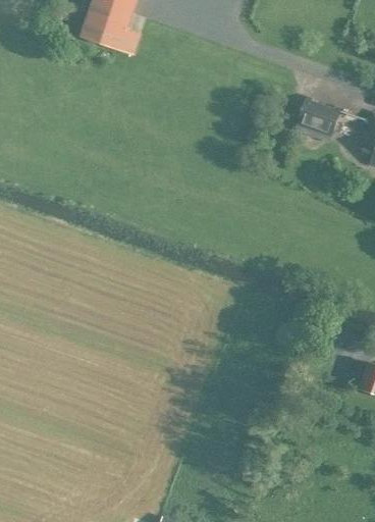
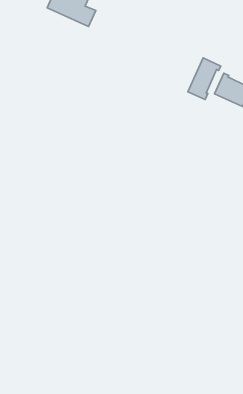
building: none -> [188,58,221,99]

